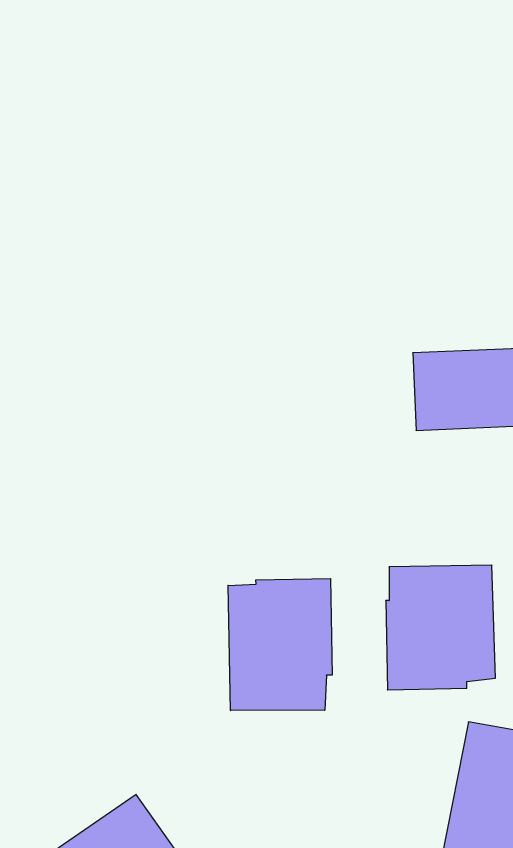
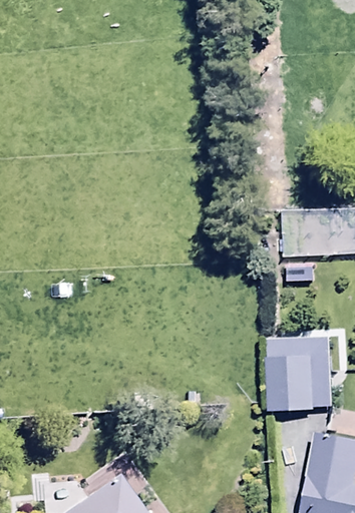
building: [228,579,332,711] -> none

